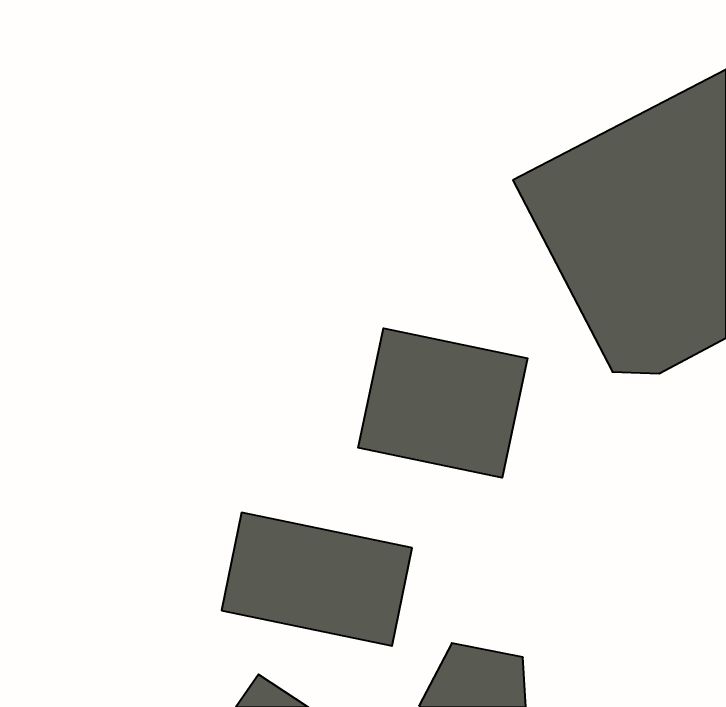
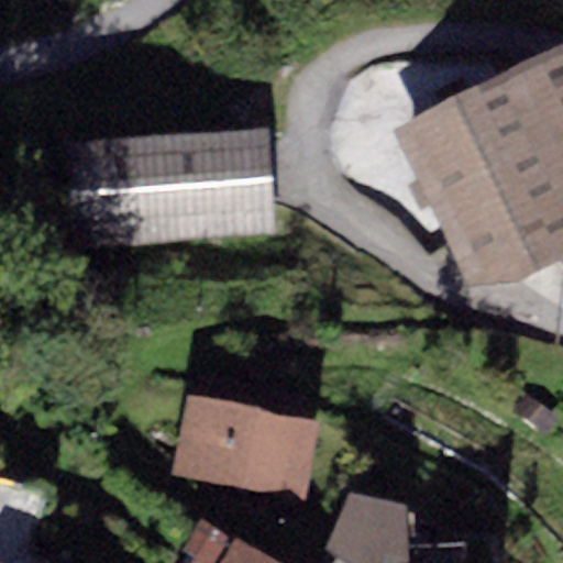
building: none -> [68,130,278,241]
building: [358,328,528,478] -> none

